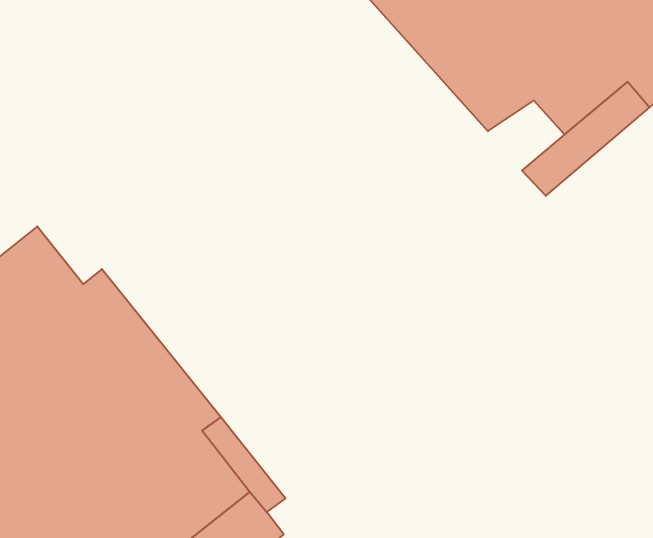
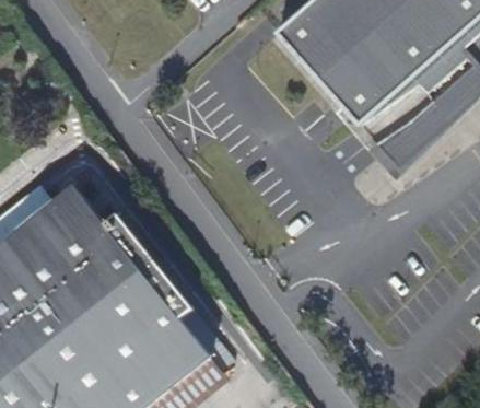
building: none -> [360,101,409,145]

